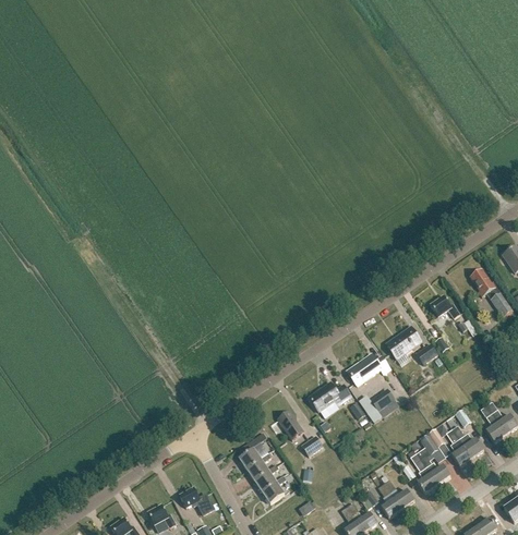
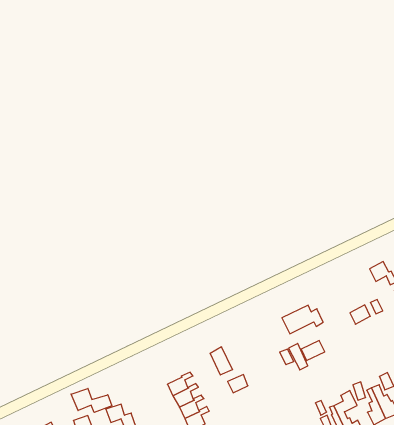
building: [388,326,422,358] -> none
building: [309,381,352,412] -> none
building: none -> [71,388,112,412]

